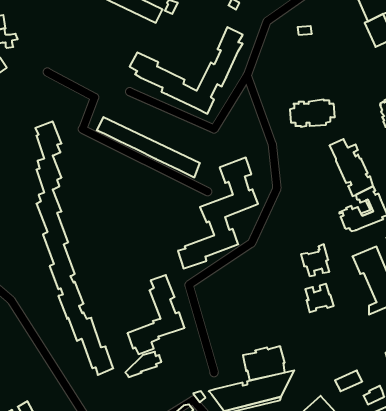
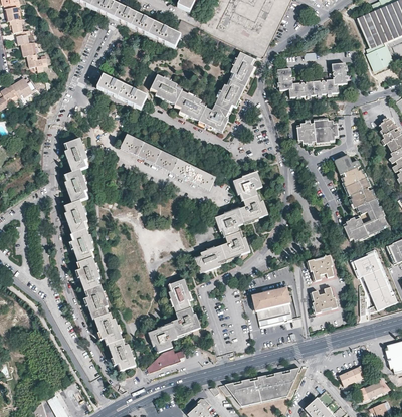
building: none -> [277,62,346,96]
building: none -> [97,75,148,110]
building: [243,346,285,380] -> [252,287,290,319]

